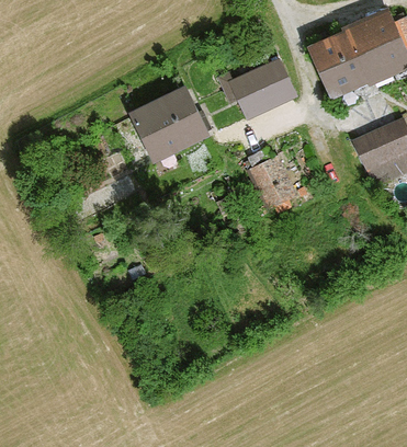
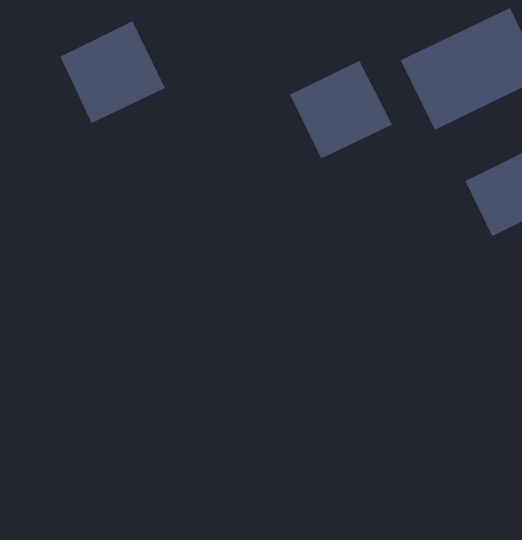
building: [128,83,210,162] -> [59,21,166,124]
building: [249,154,298,208] -> none

